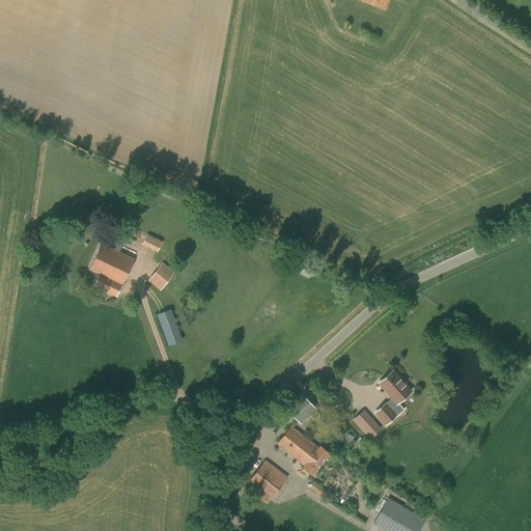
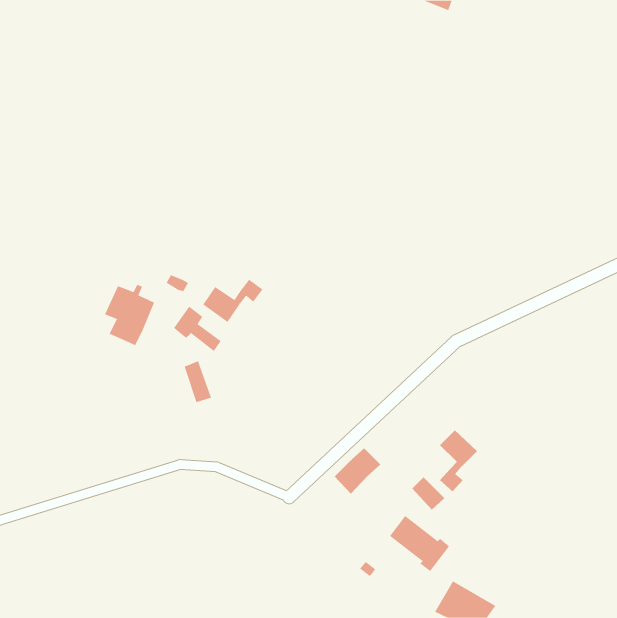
building: none -> [202,279,263,323]
building: [278,426,330,475] -> [389,515,450,572]
building: [248,460,288,501] -> none

